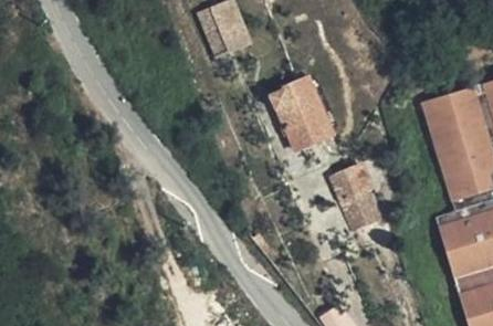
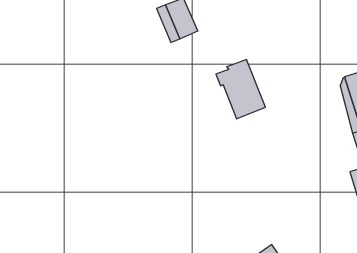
building: [332,166,374,228] -> none

